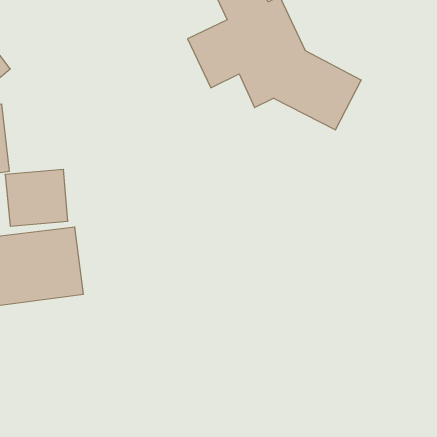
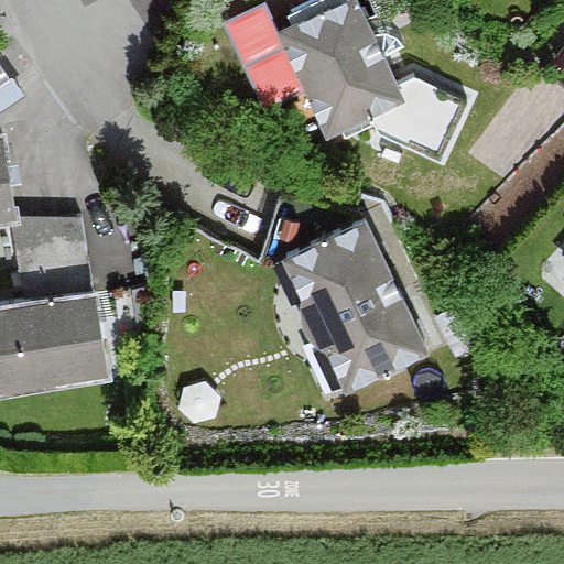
building: none -> [281,220,426,393]

